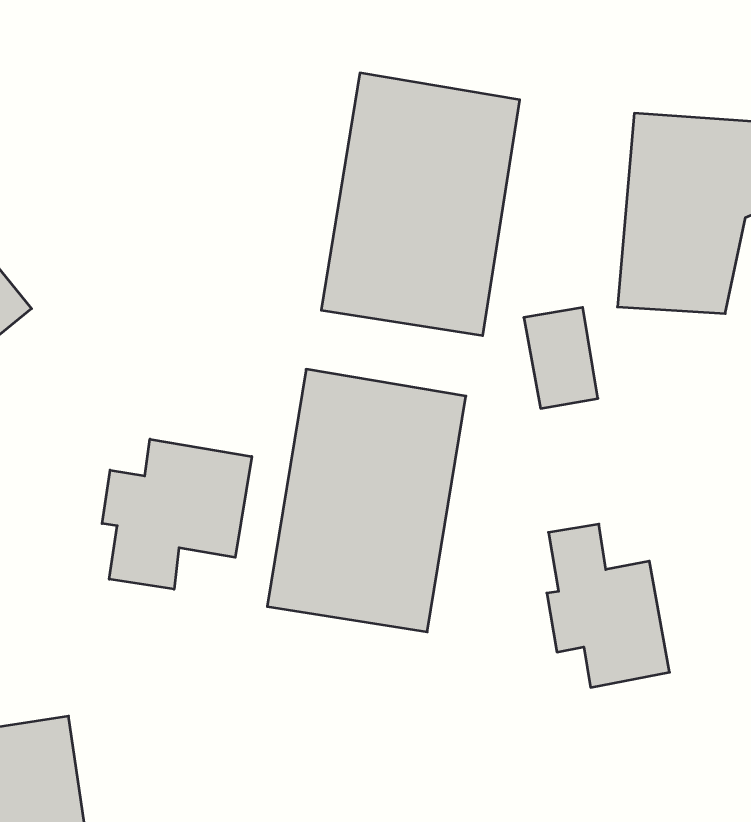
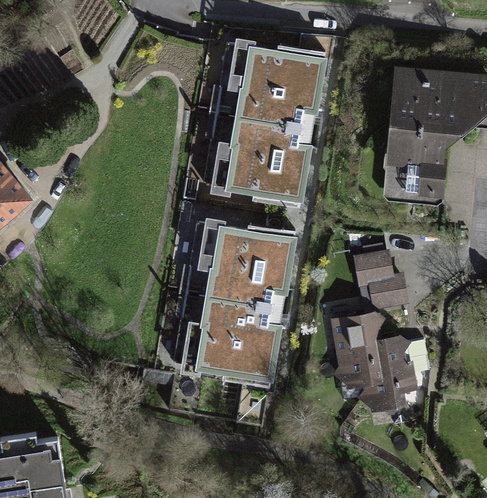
building: [524,307,598,408] -> [354,251,398,311]
building: [102,439,252,589] -> none

